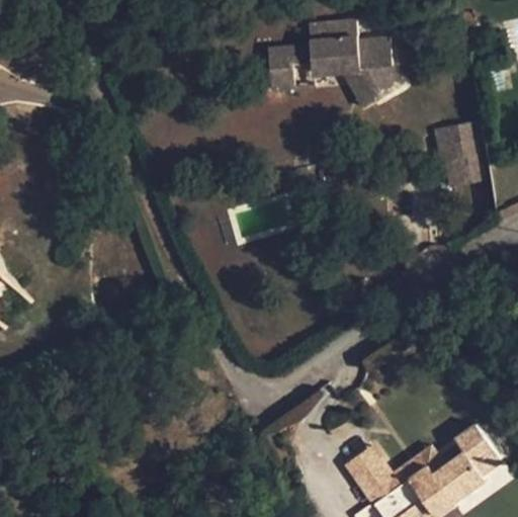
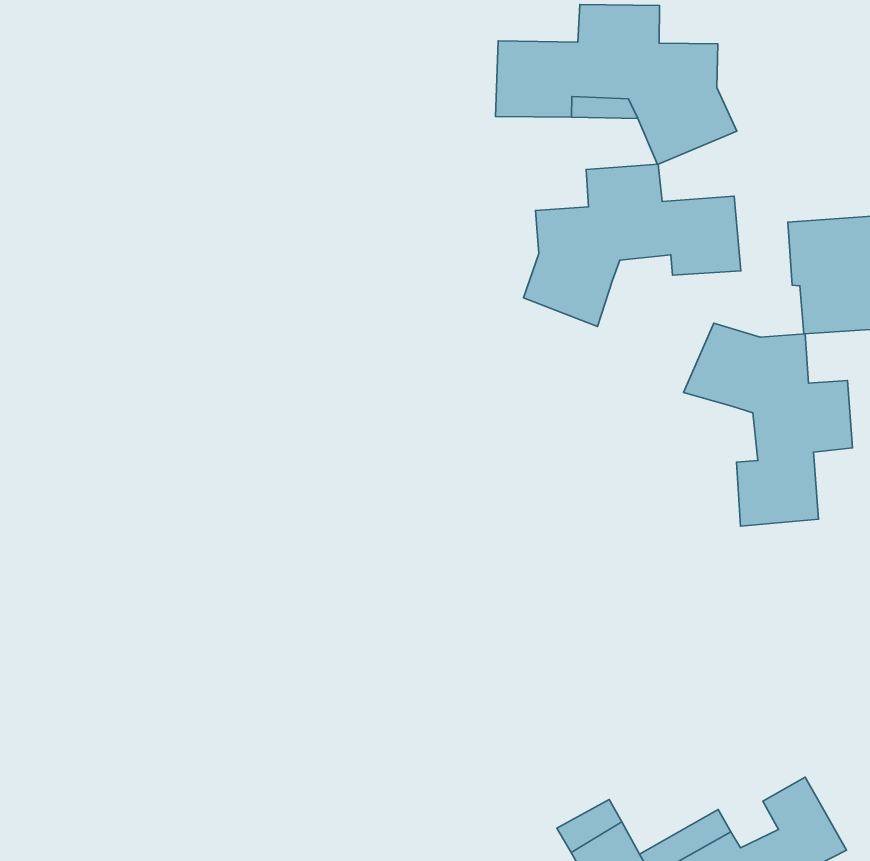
building: none -> [524,164,741,326]
building: none -> [684,323,852,526]

